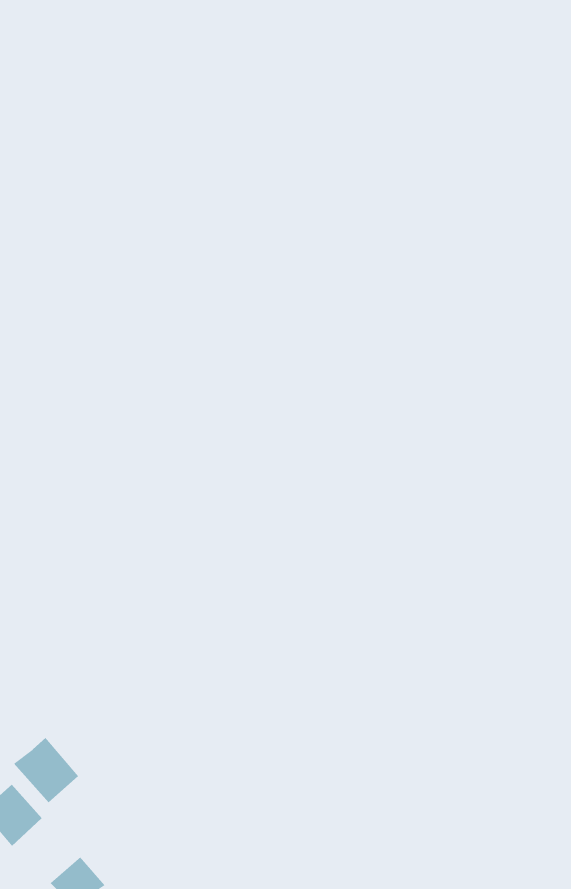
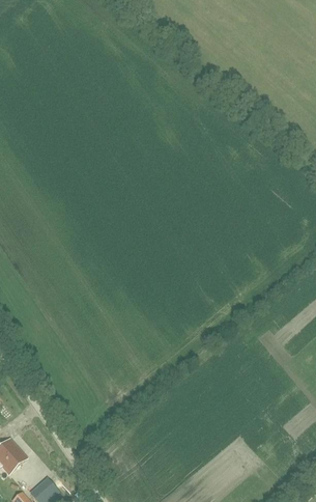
building: [13,737,79,803] -> none

